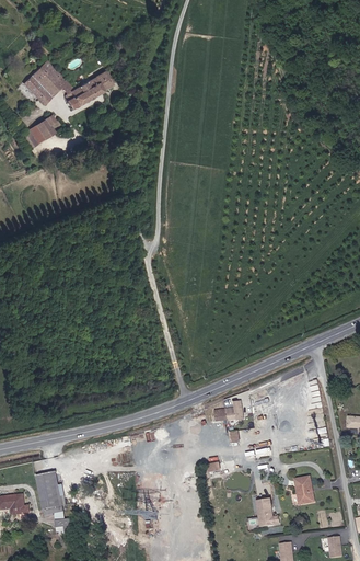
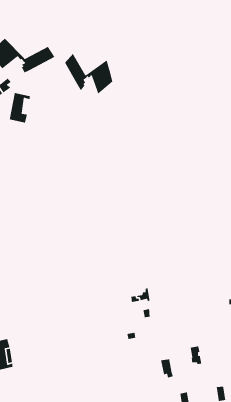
building: none -> [64,53,113,95]
building: none -> [9,92,31,123]

